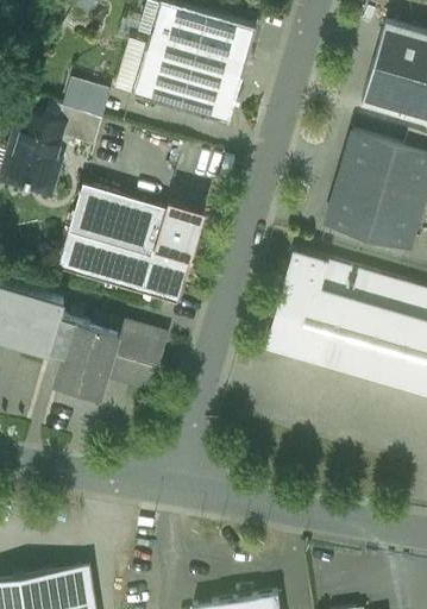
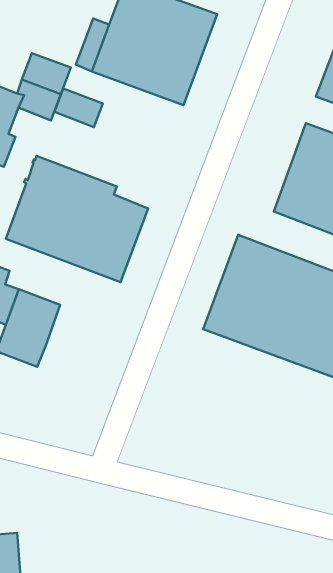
building: none -> [54,88,103,127]
building: [106,329,168,389] -> none

